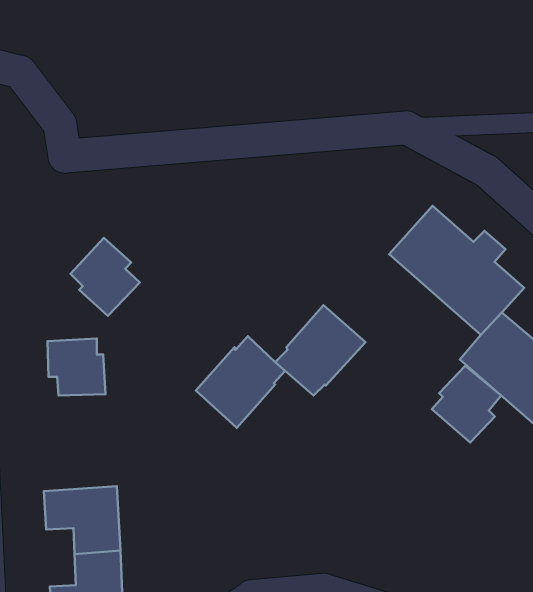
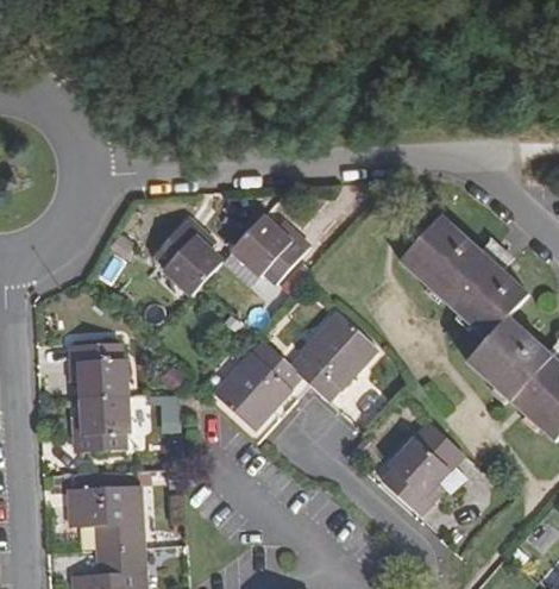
building: none -> [231,214,309,282]
building: [71,238,140,316] -> [155,219,221,294]
building: [432,366,501,443] -> [383,439,450,513]
building: none -> [76,396,130,451]

